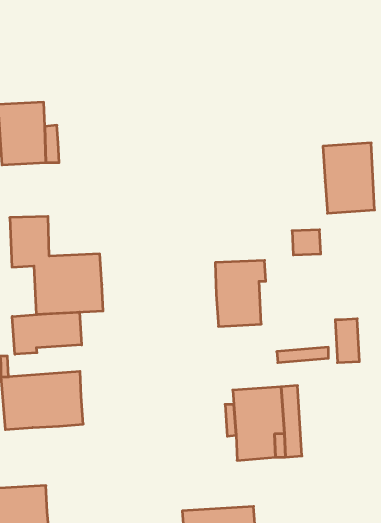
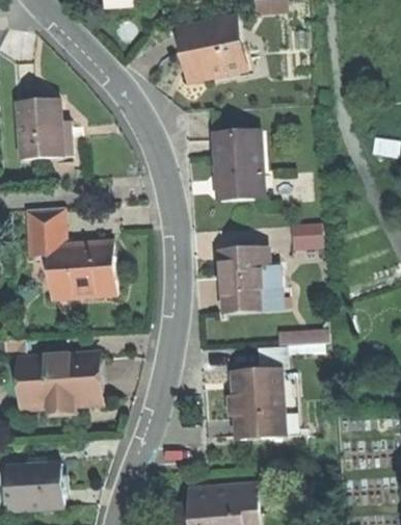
building: none -> [179,18,246,79]
building: [323,143,375,213] -> [213,131,262,198]
building: [12,312,82,354] -> none
building: [335,319,359,363] -> [261,267,284,309]

